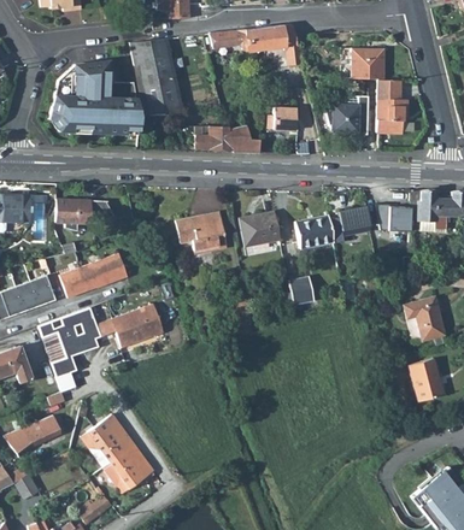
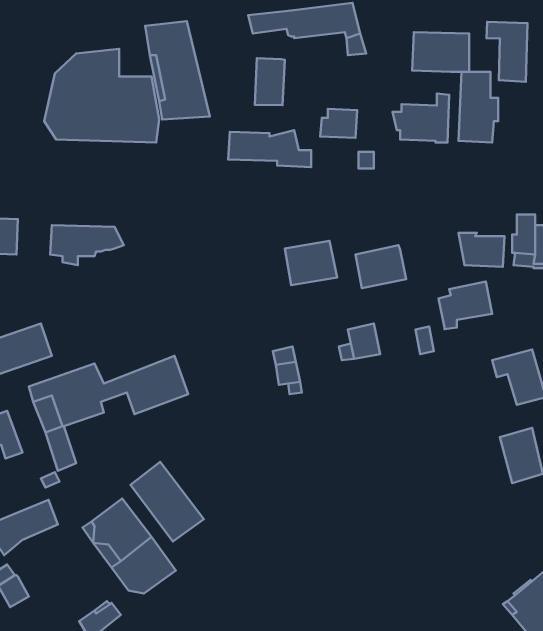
building: none -> [487,22,528,82]
building: none -> [255,58,285,105]
building: [330,205,372,242] -> [438,281,492,329]
building: [176,211,227,251] -> none
building: [60,253,128,298] -> none
building: none -> [130,462,204,541]

